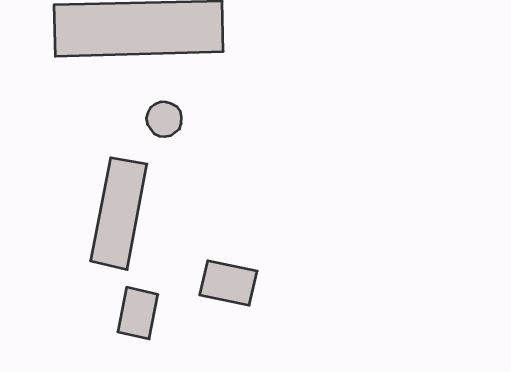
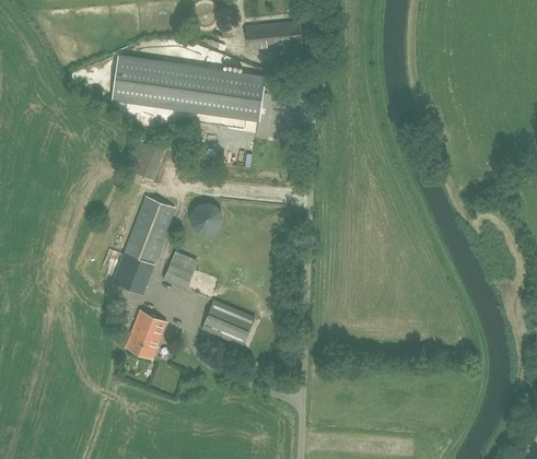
building: [146,102,181,137] -> [190,207,221,237]
building: none -> [162,251,198,291]

